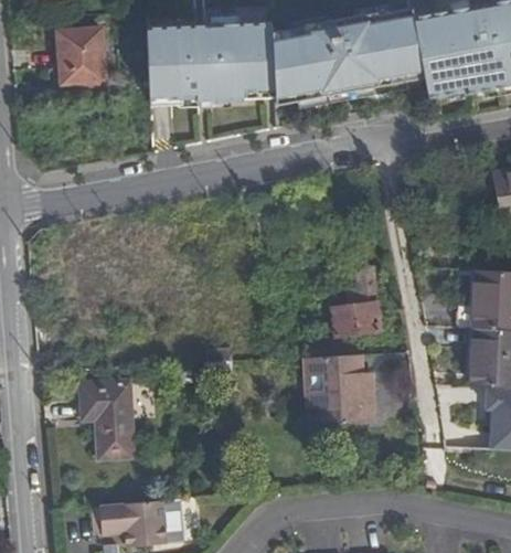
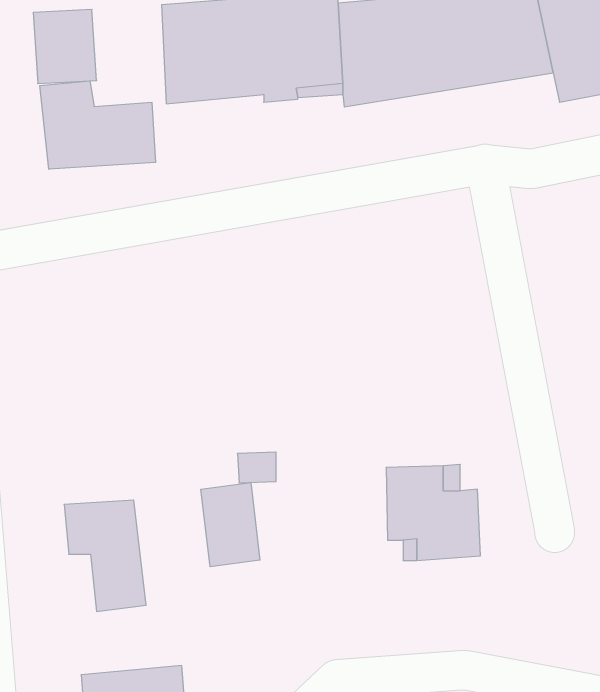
building: none -> [40,81,156,169]
building: [332,268,381,336] -> none
building: none -> [201,483,260,567]

